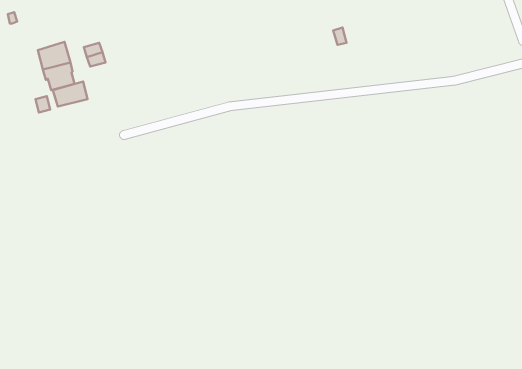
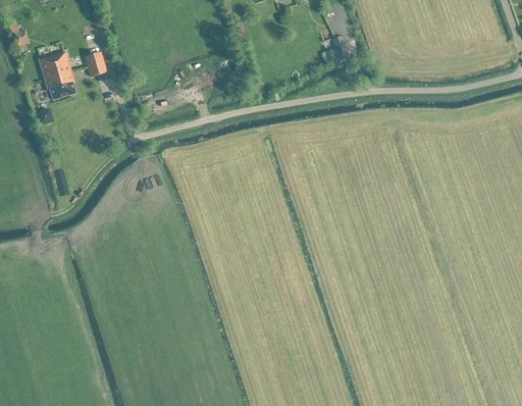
building: [53,81,88,107] -> none

